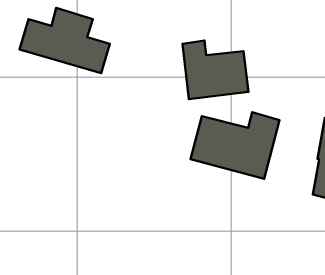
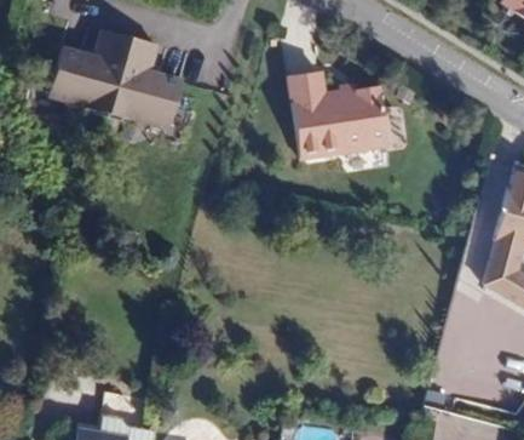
building: [190,112,279,179] -> none

